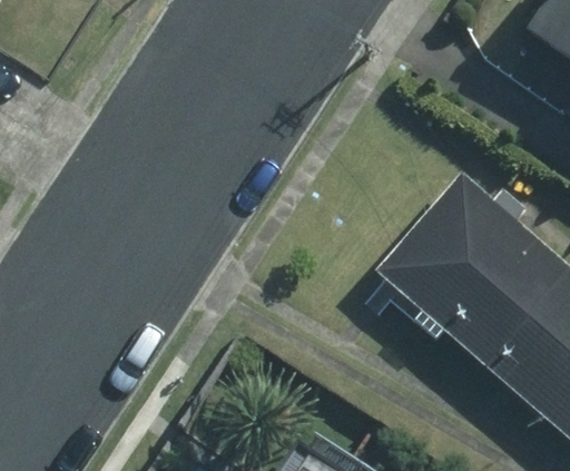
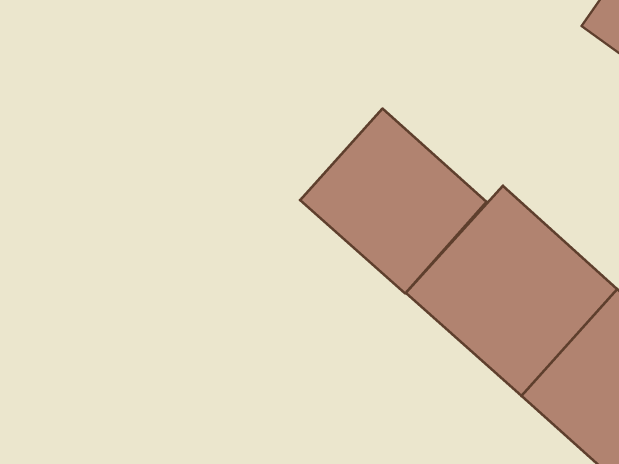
building: none -> [300,109,487,293]

